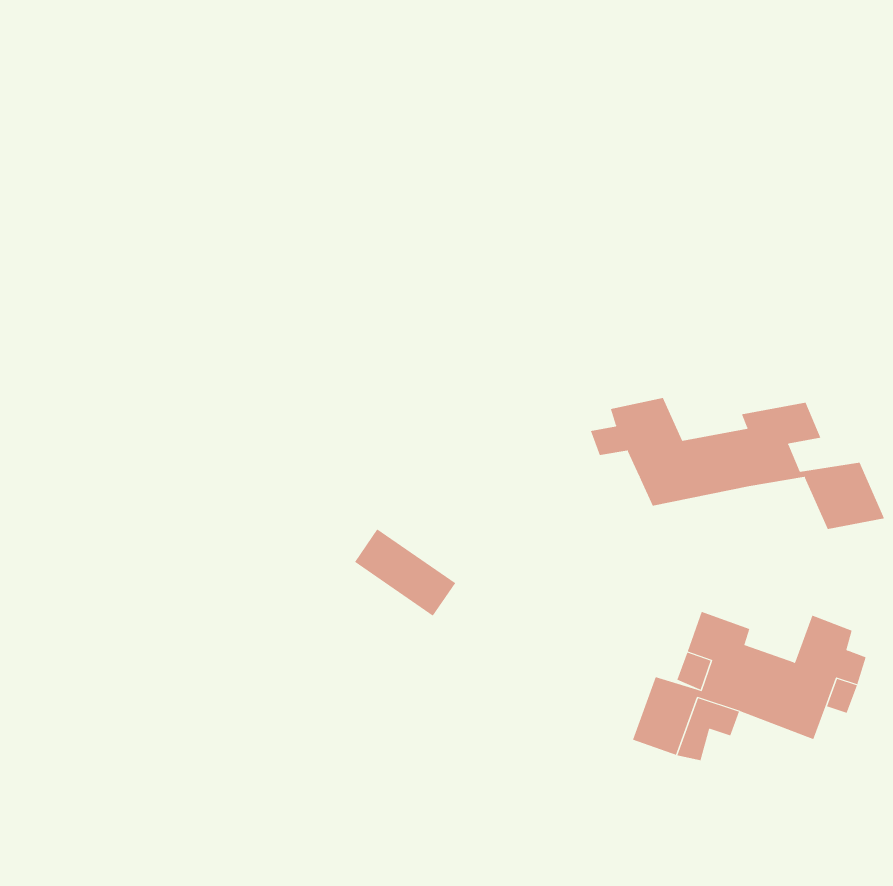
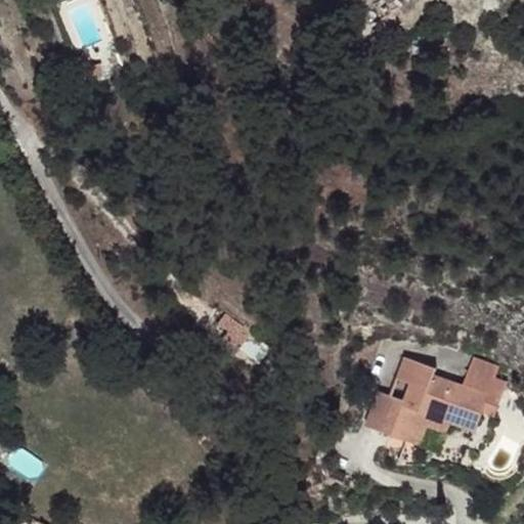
building: [590,397,885,530] -> none

